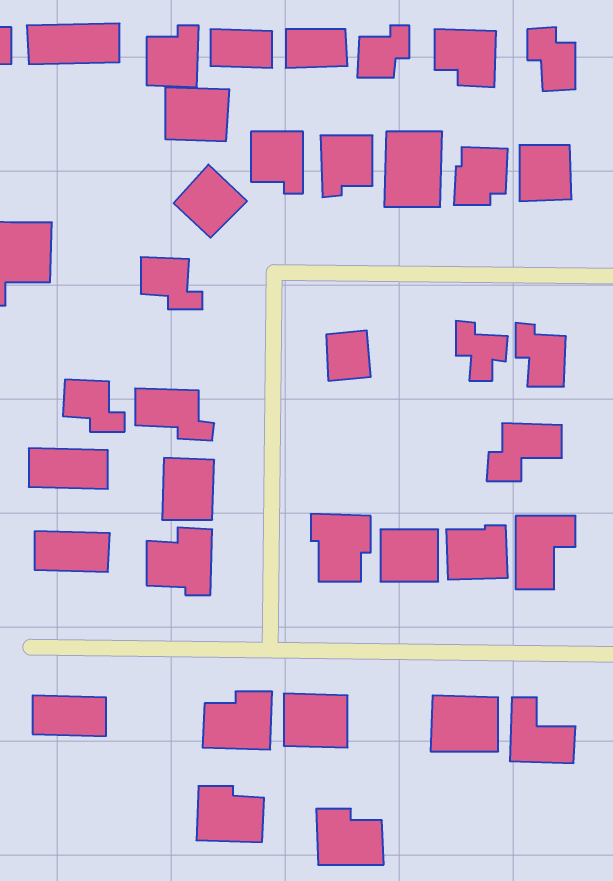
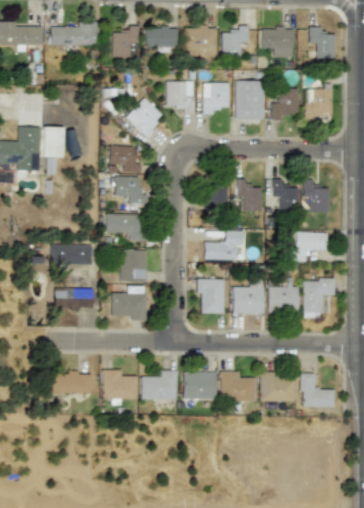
building: [166,87,229,141] -> none
building: none -> [236,179,261,211]
building: [63,380,125,432] -> [115,177,147,204]
building: none -> [204,231,243,260]
building: [196,786,264,842] -> [102,371,137,400]
building: [316,809,384,865] -> [220,372,255,401]

